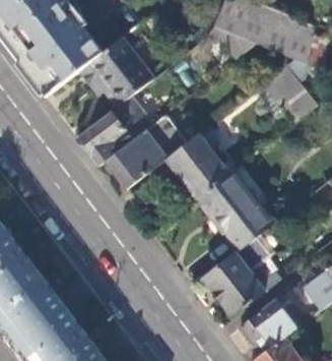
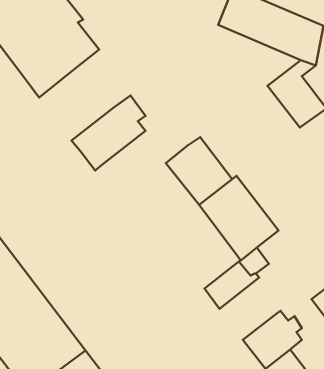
building: [78,37,154,106] -> none
building: [105,115,186,189] -> none
building: [216,267,276,316] -> none

